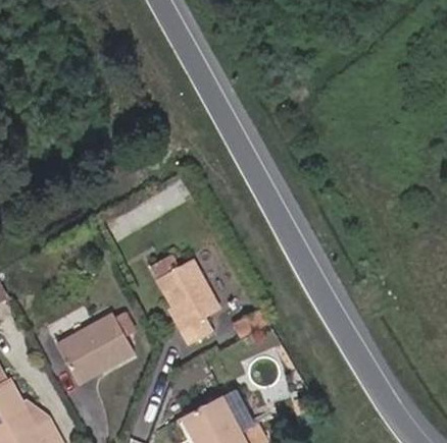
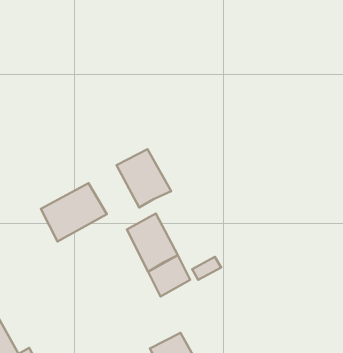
building: none -> [117,149,171,207]
building: [58,313,135,380] -> [41,183,107,242]

